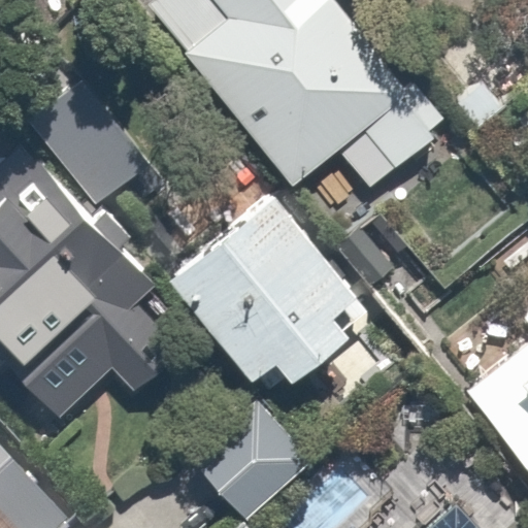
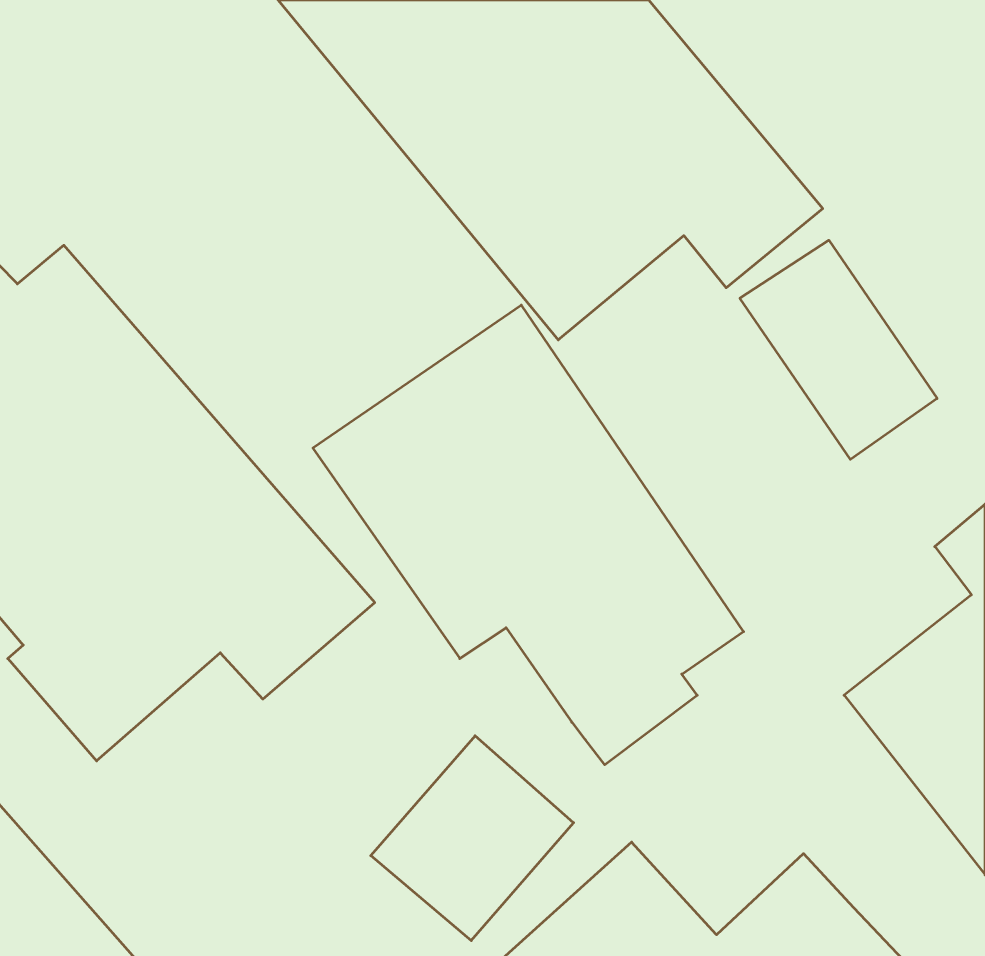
building: [28,75,153,206] -> none
building: none -> [740,240,937,459]

